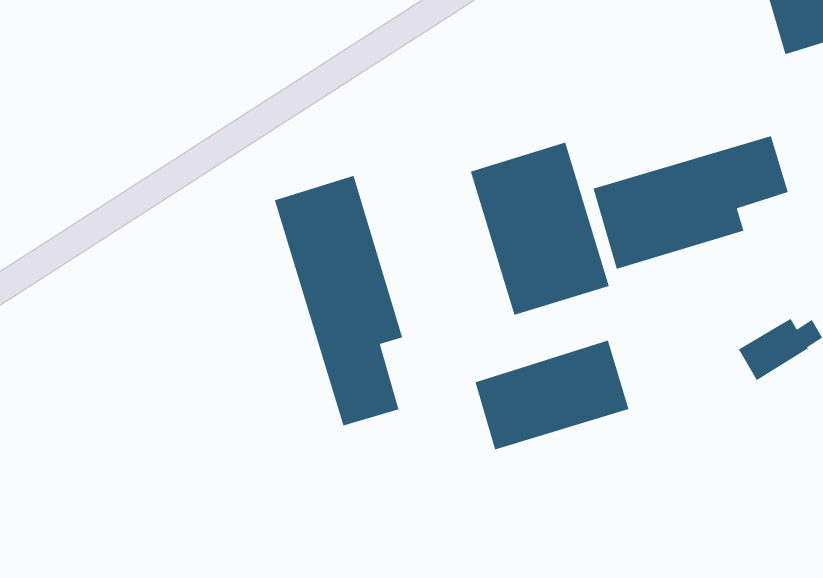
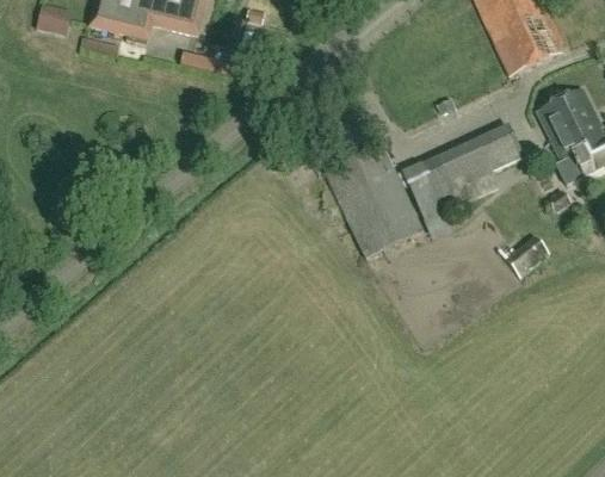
building: [274,175,403,426] -> none
building: [474,339,630,451] -> none

